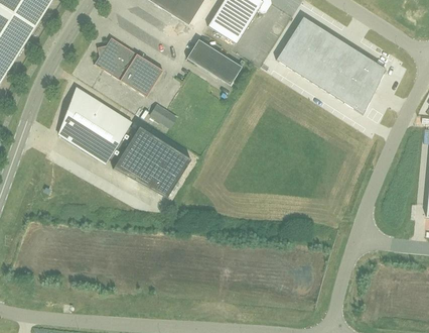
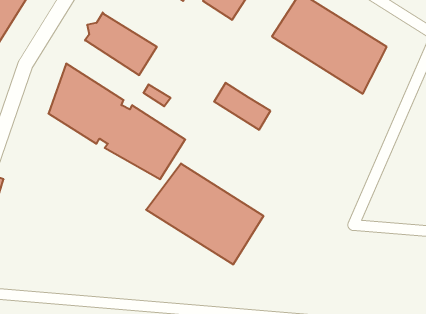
building: [187,39,242,85] -> [214,83,270,130]
building: none -> [146,163,263,265]

